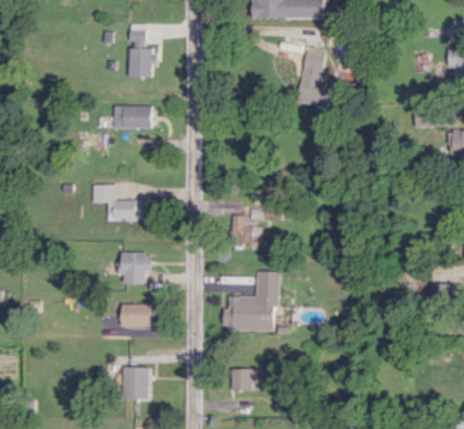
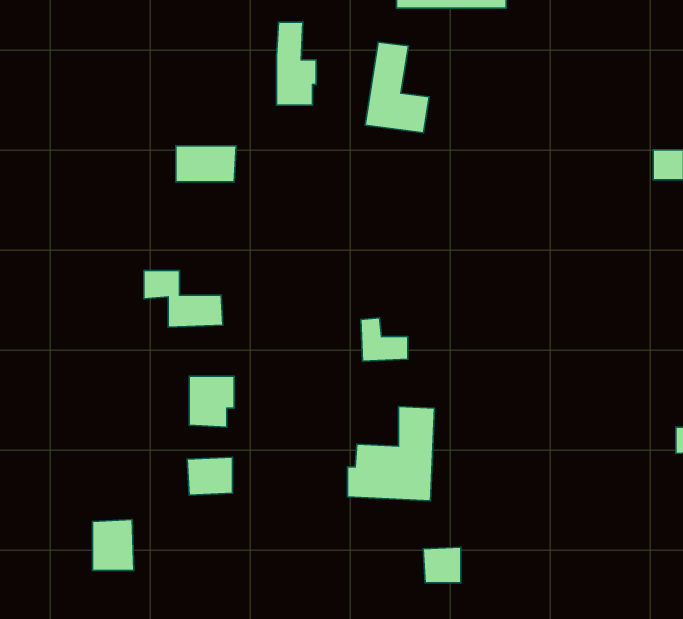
building: [127,24,152,77] -> [277,22,316,105]
building: [297,50,338,108] -> [365,42,429,133]
building: [122,367,149,399] -> [92,519,134,570]
building: [230,368,254,391] -> [423,547,461,583]

